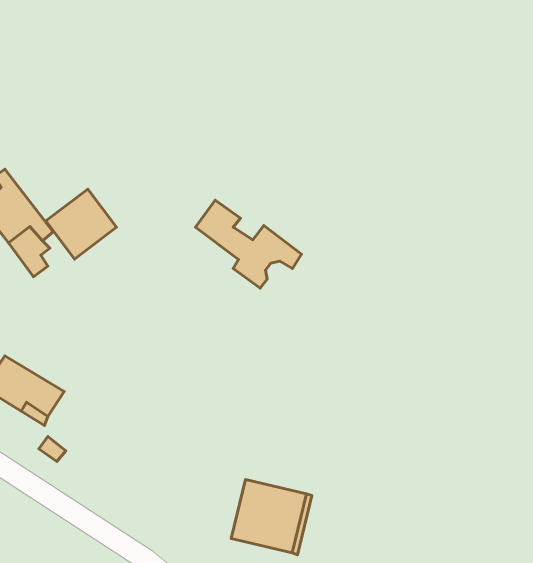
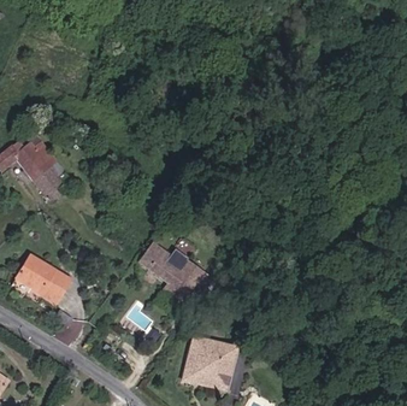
building: [46,189,116,259] -> none
building: [195,200,301,288] -> [140,243,211,302]

